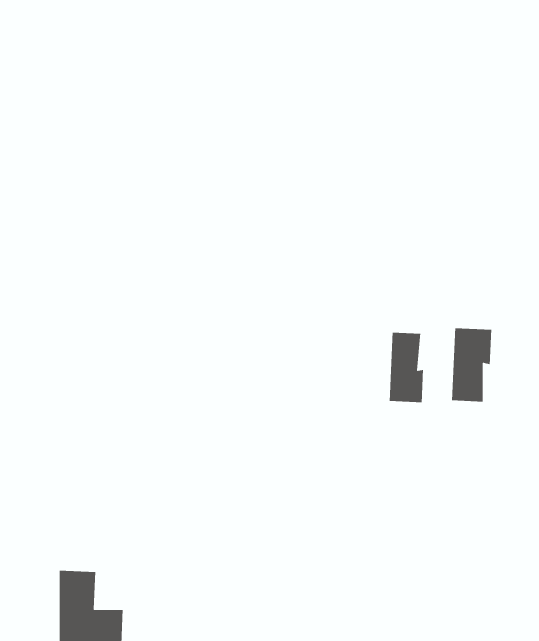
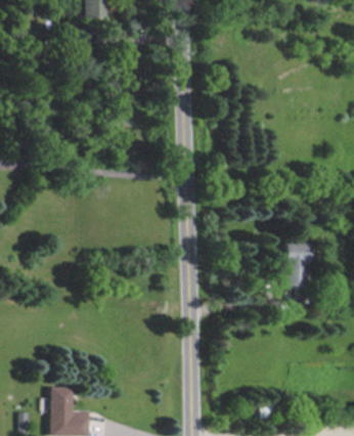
building: [389,332,424,403] -> none

